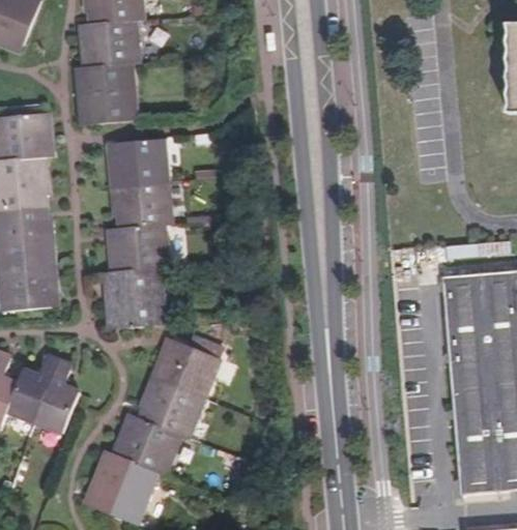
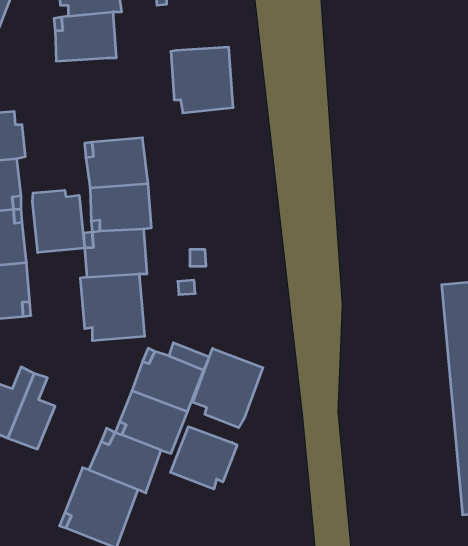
building: [76,62,135,124] -> [171,47,233,113]
building: none -> [33,190,85,253]
building: none -> [193,348,263,428]
building: none -> [170,427,237,489]

